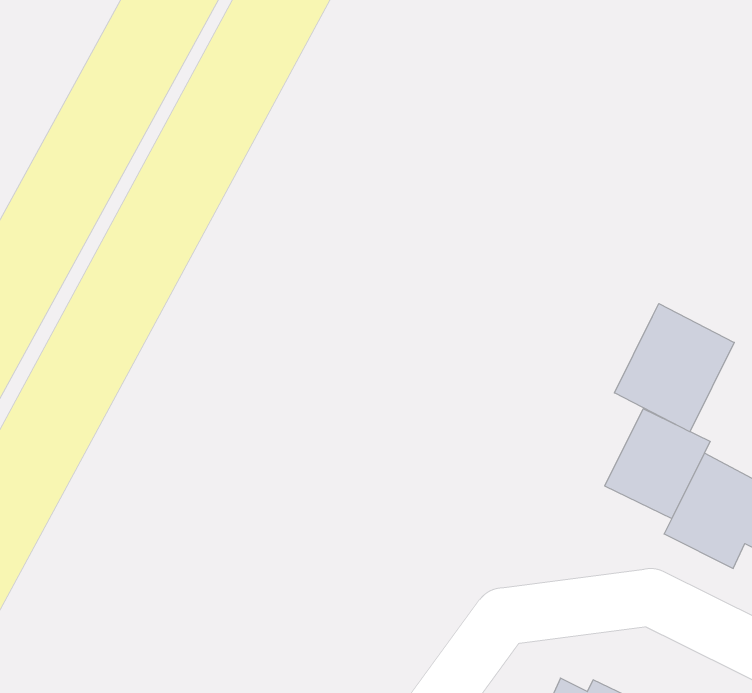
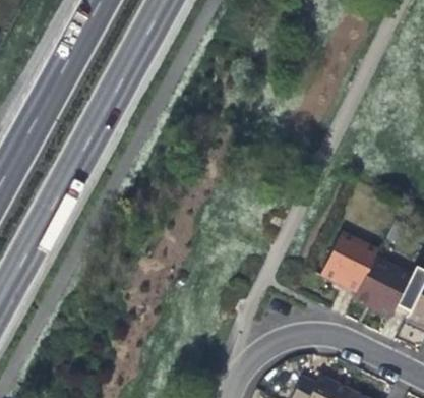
building: [614,304,734,432] -> none

